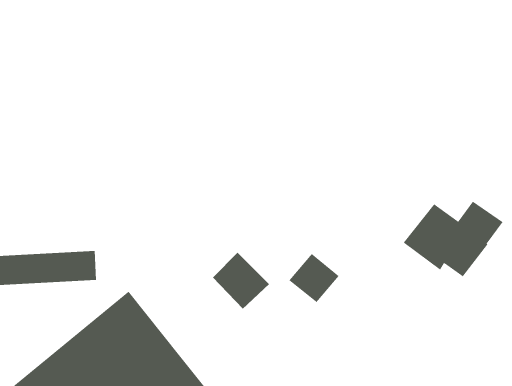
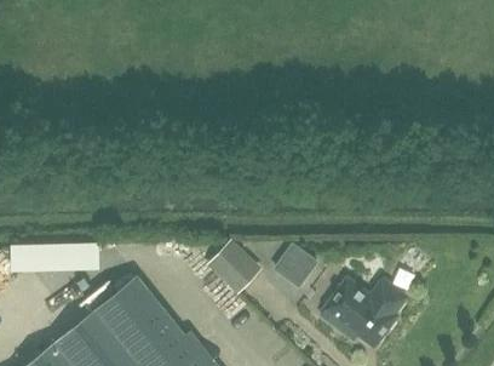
building: [403,201,503,277] -> [318,278,409,347]

